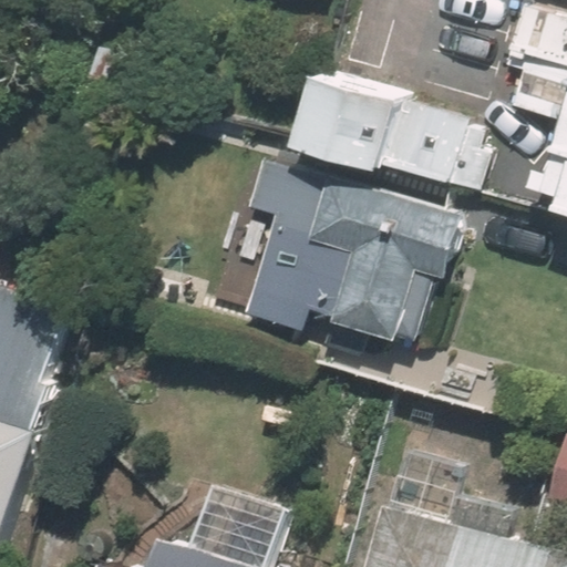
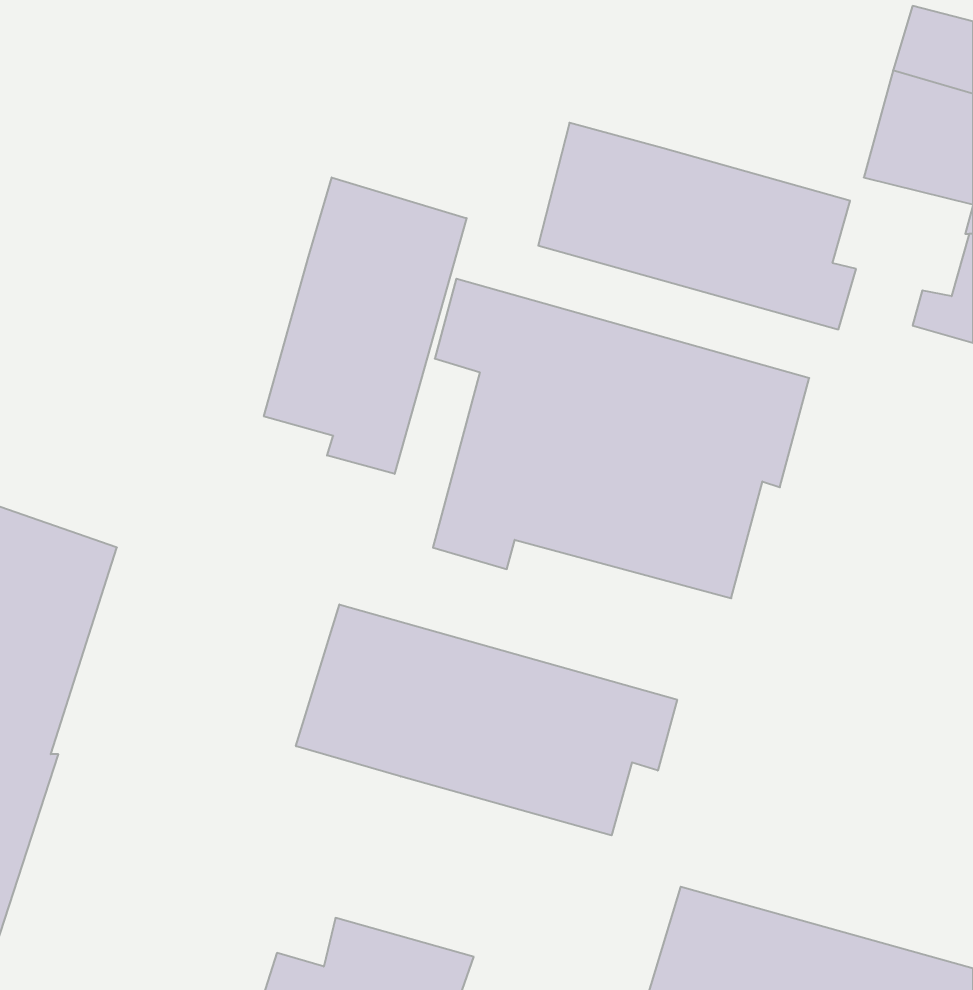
building: none -> [264,177,467,474]
building: none -> [296,604,677,835]

